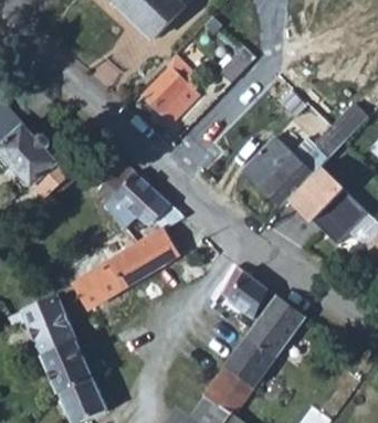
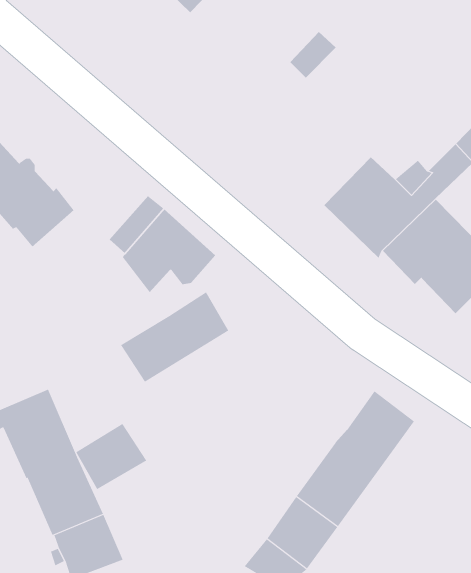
building: [141,53,199,121] -> none
building: [73,264,122,309] -> [76,423,147,490]
building: [221,265,277,321] -> none

